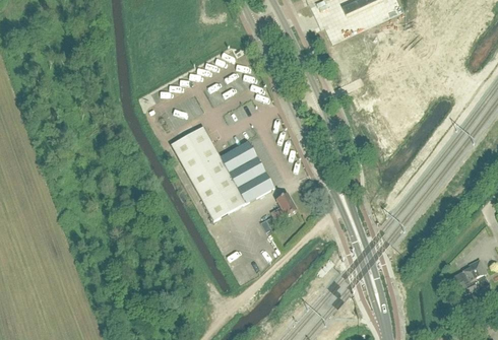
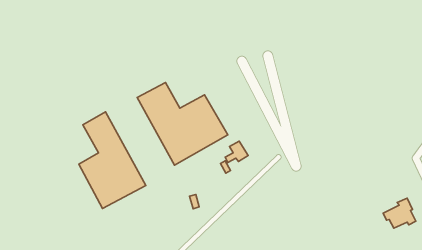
building: none -> [79,112,146,209]

